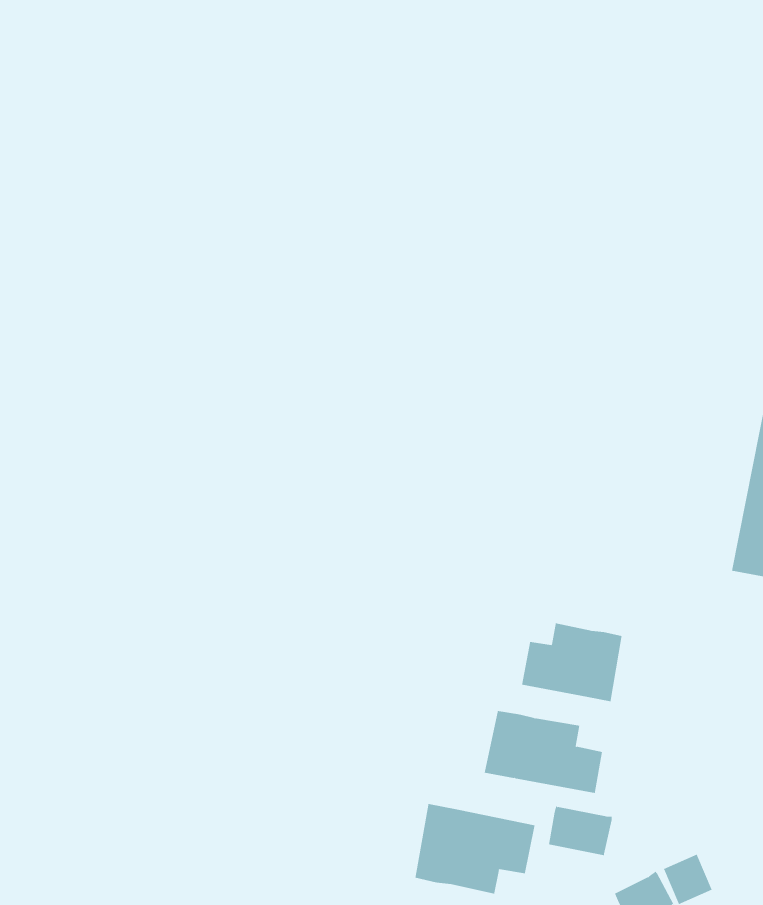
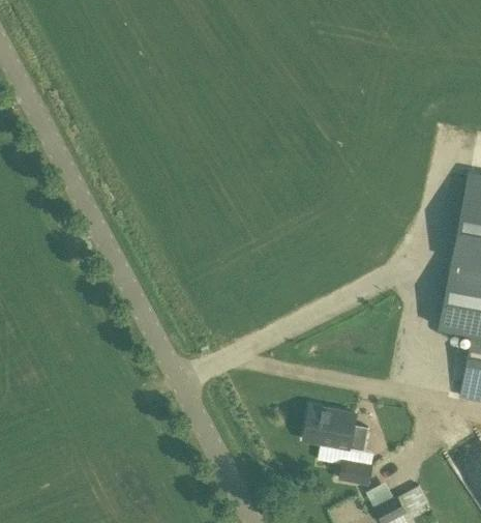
building: [522,622,622,702] -> none
building: [415,803,535,895] -> none

